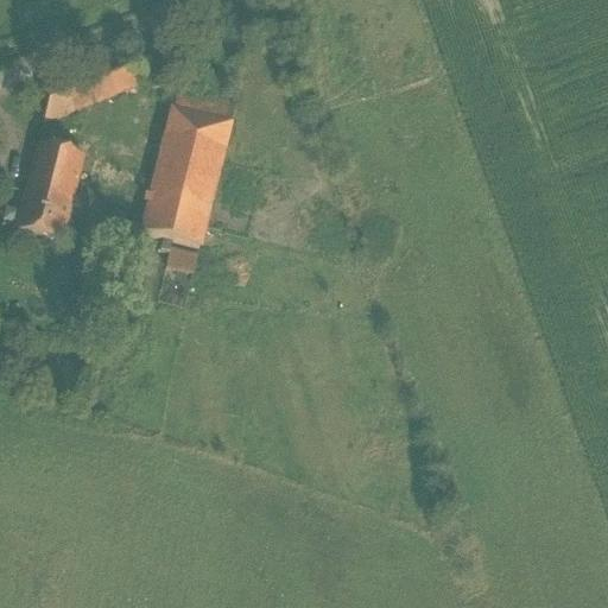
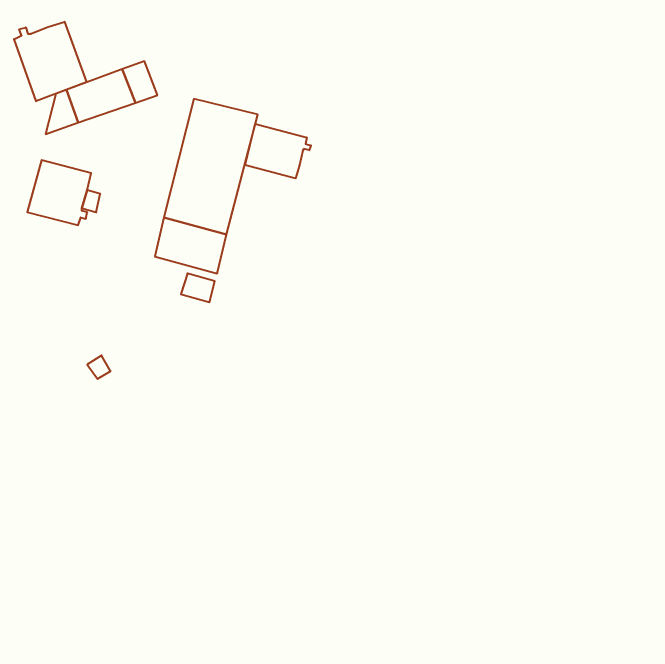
building: none -> [14,22,86,101]
building: none -> [245,124,311,178]
building: [14,194,71,243] -> none

